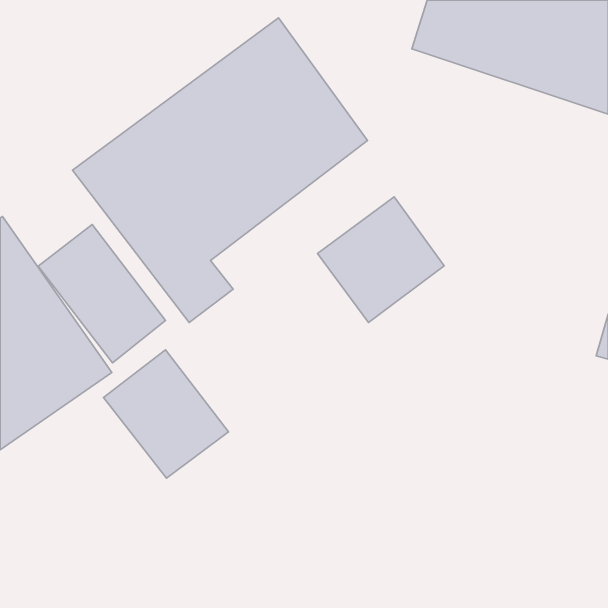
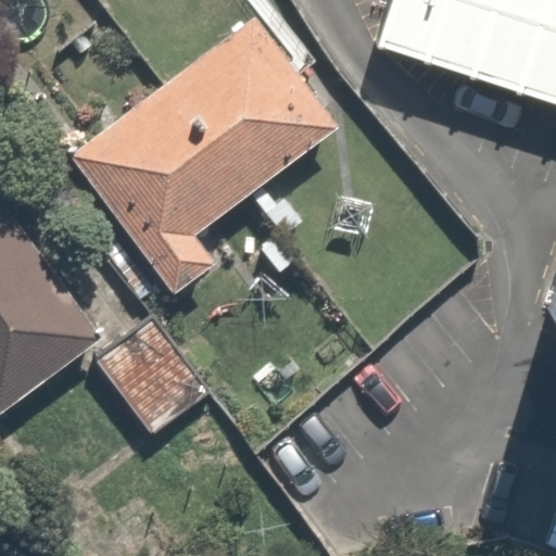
building: [318,197,444,323] -> none
building: [38,224,165,363] -> none

